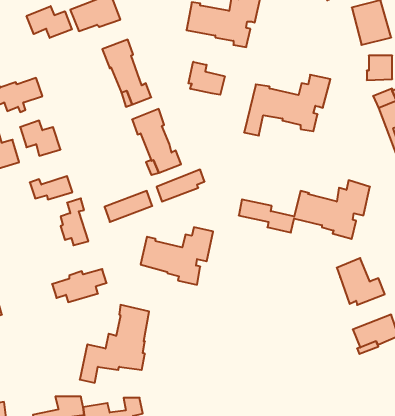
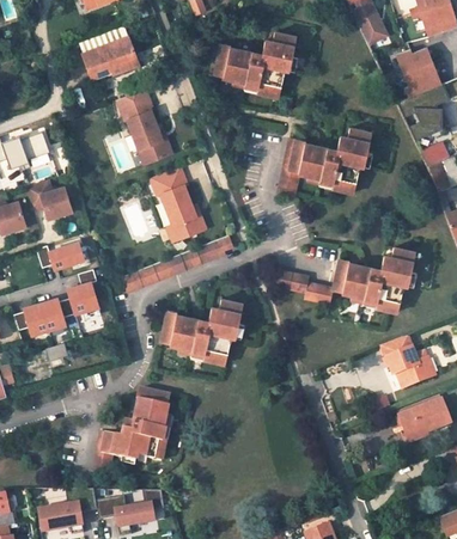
building: [27,6,72,38] -> none
building: [188,62,225,95] -> none
building: [52,269,107,302] -> [14,299,75,336]

